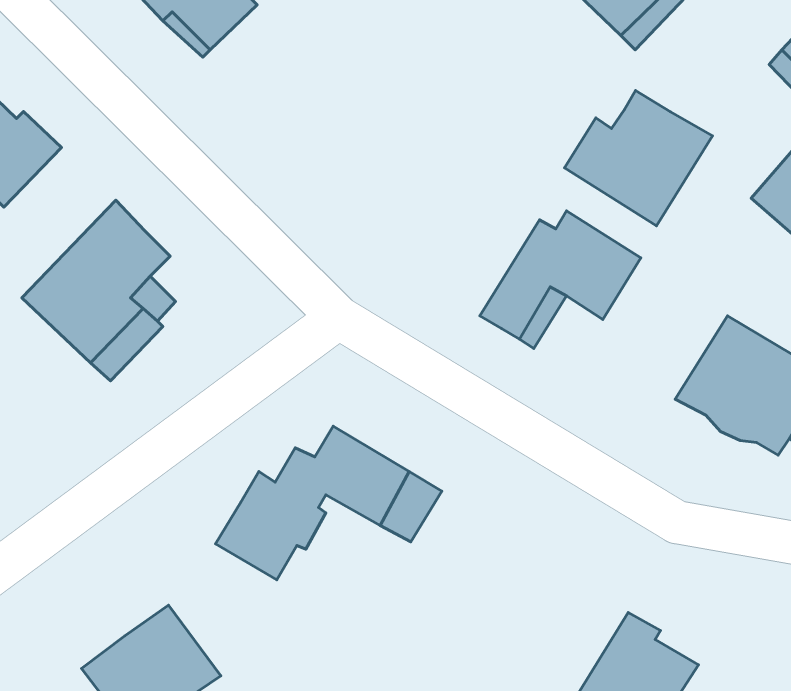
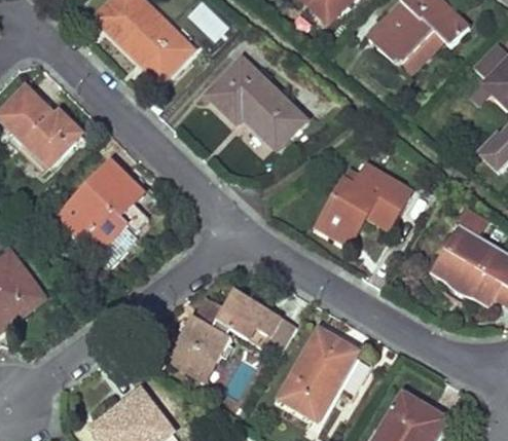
building: none -> [209,58,302,146]
building: [565,90,712,226] -> none
building: none -> [279,328,371,417]

